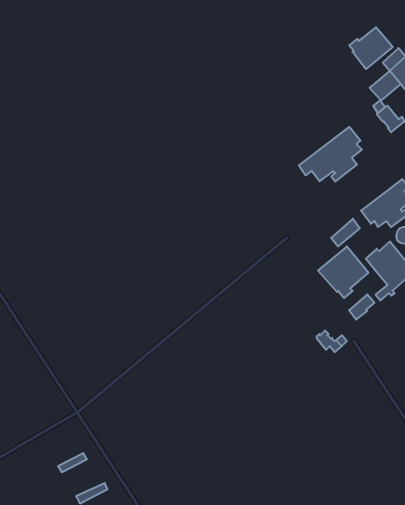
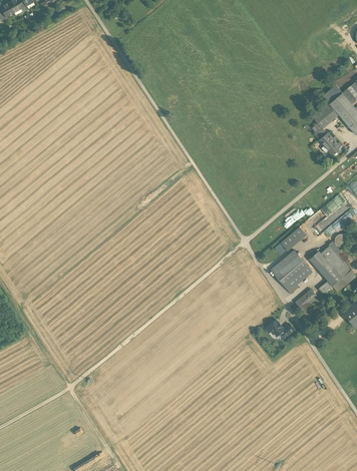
building: [349,27,393,69] -> none
building: [299,127,362,182] -> none

